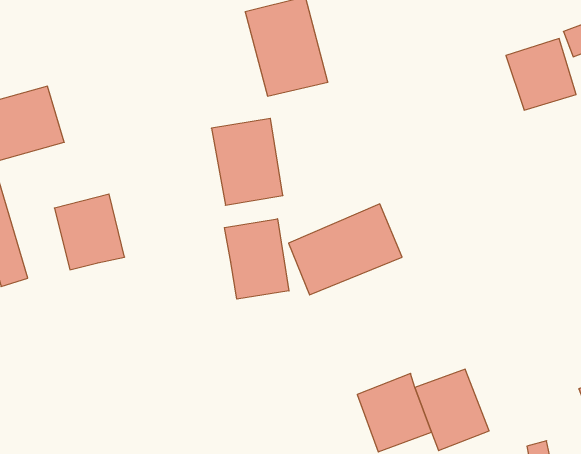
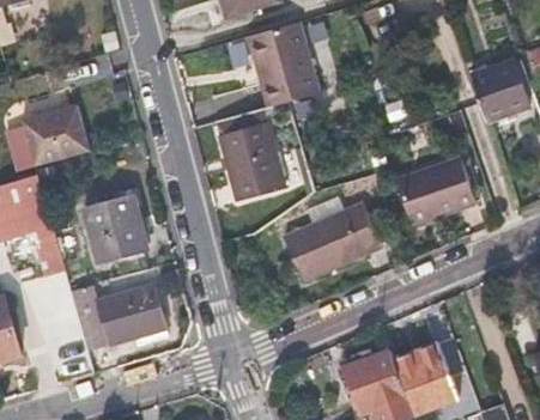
building: none -> [398,159,475,226]
building: [224,219,289,299] -> none
building: none -> [68,282,163,348]

